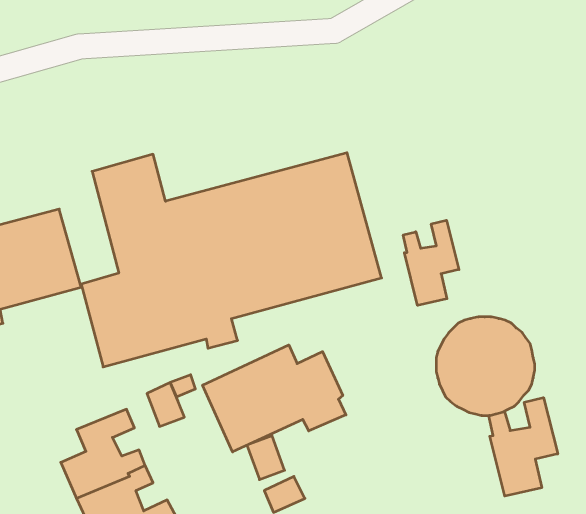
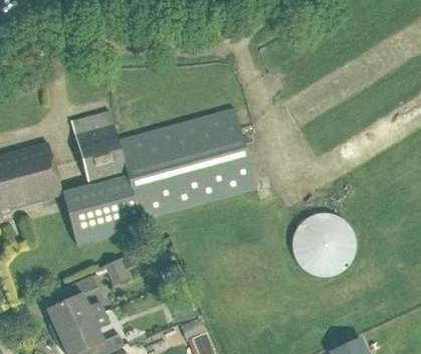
building: [403,220,459,305] -> none
building: [203,345,346,452] -> none
building: [489,398,558,496] -> none

